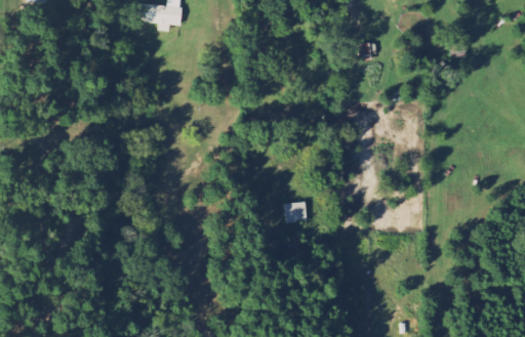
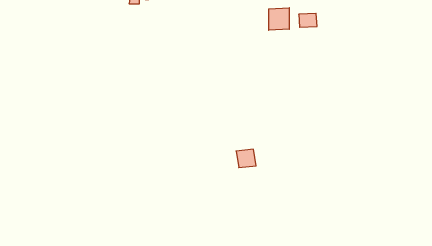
building: none -> [269,8,289,30]

